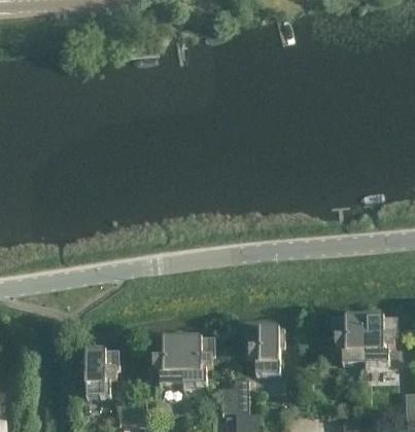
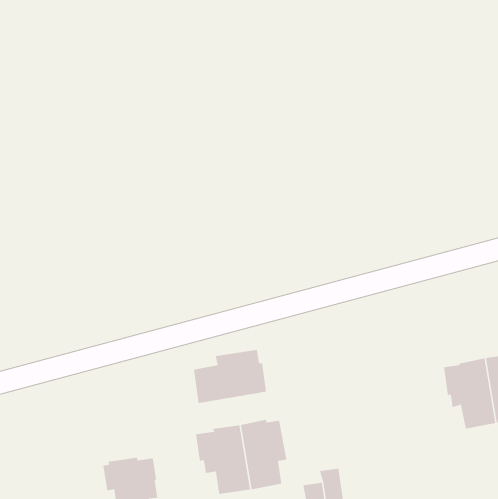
building: none -> [192,349,267,405]
building: [244,328,279,375] -> none

